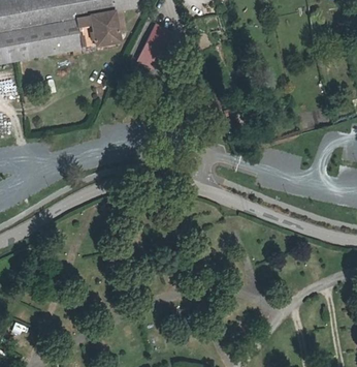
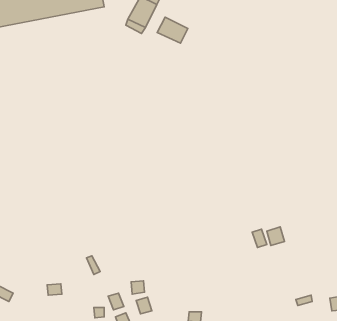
building: none -> [157,17,188,43]

